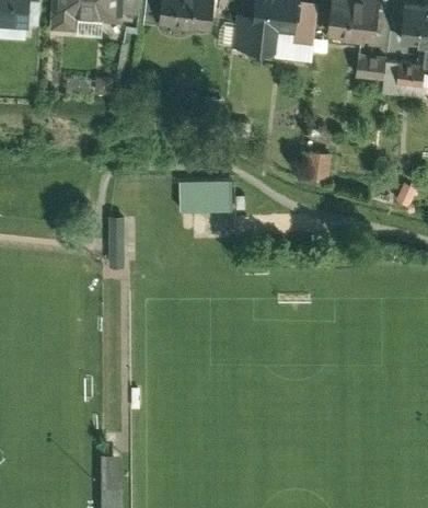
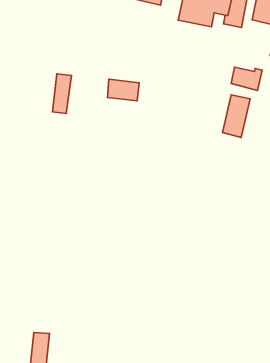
building: none -> [231,67,262,90]
building: [194,185,232,208] -> [107,79,139,101]
building: [108,219,127,267] -> [52,74,72,114]

